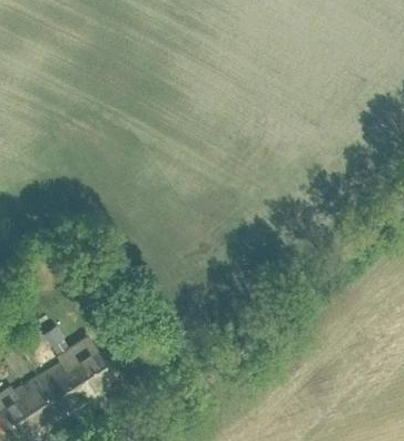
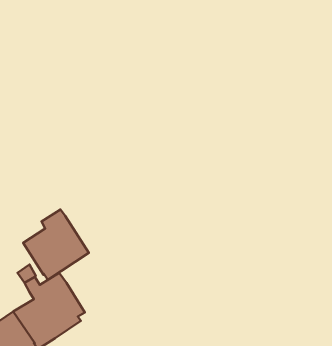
building: none -> [23,209,89,280]

